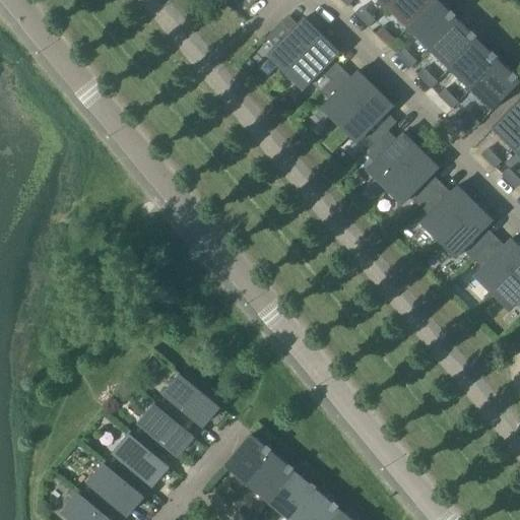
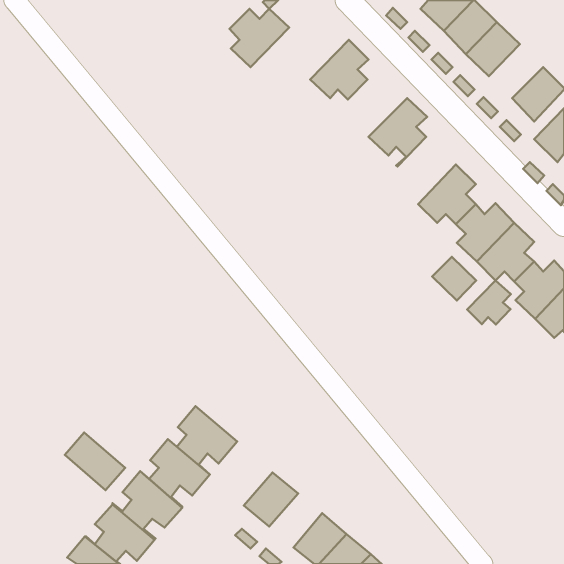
building: [266,19,321,73] -> [230,9,289,67]
building: [450,41,500,90] -> none
building: [320,72,375,126] -> none
building: [366,126,419,188] -> none
building: none -> [432,257,476,300]
building: none -> [467,280,511,324]
building: none -> [65,432,125,490]
building: [248,454,297,504] -> none

